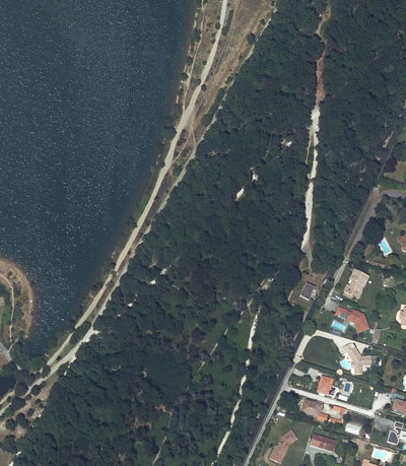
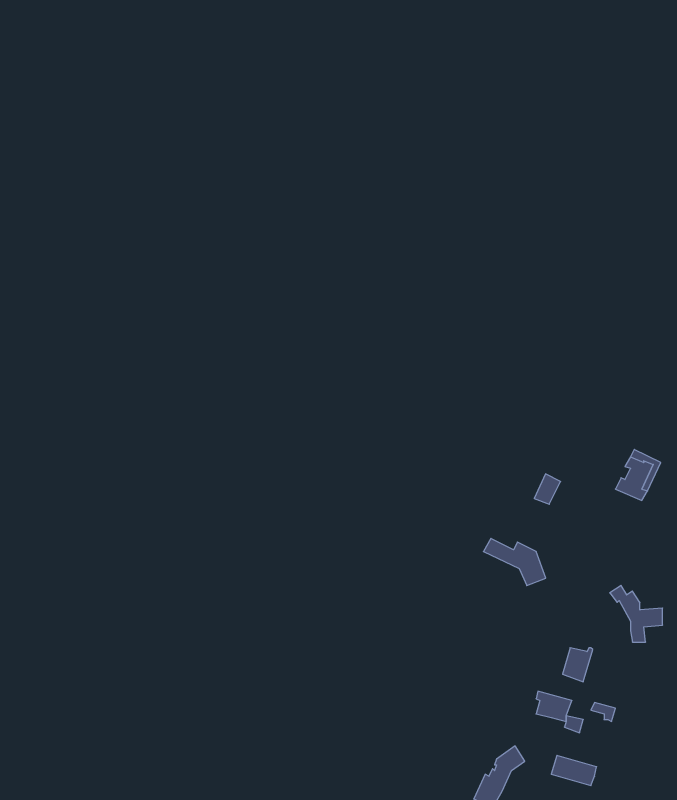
building: [336,307,369,332] -> [483,538,546,586]

